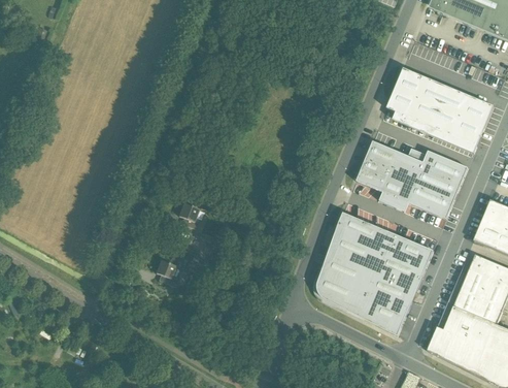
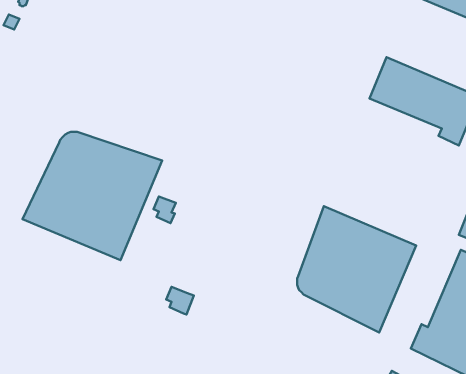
building: [357,139,468,218] -> none
building: none -> [22,132,162,260]
building: [156,259,182,286] -> [166,287,194,314]

